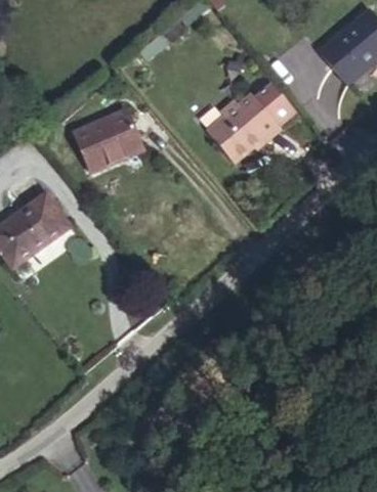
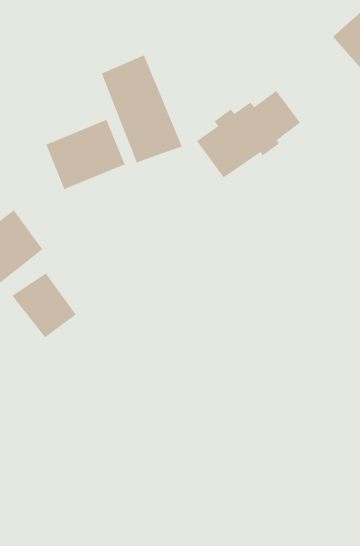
building: none -> [101,55,183,163]
building: none -> [12,273,77,338]

